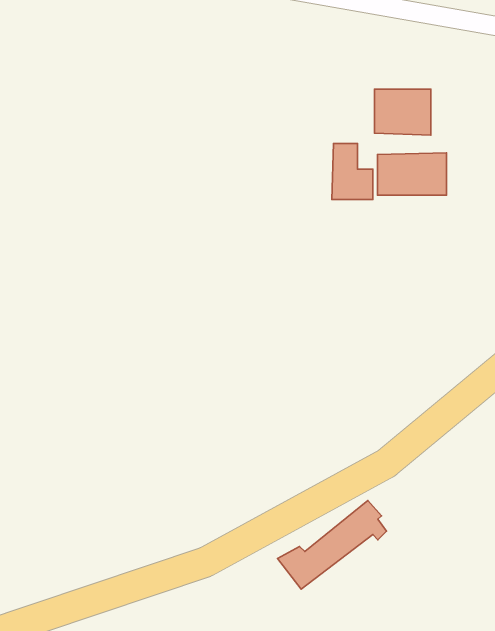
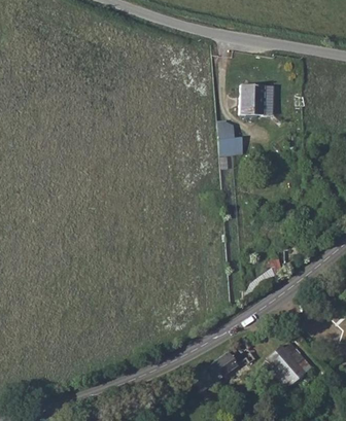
building: [378,153,446,195] -> none
building: none -> [264,340,309,388]

